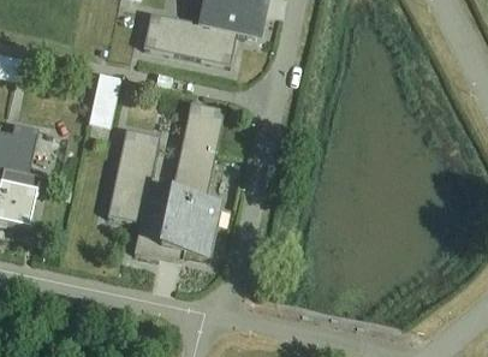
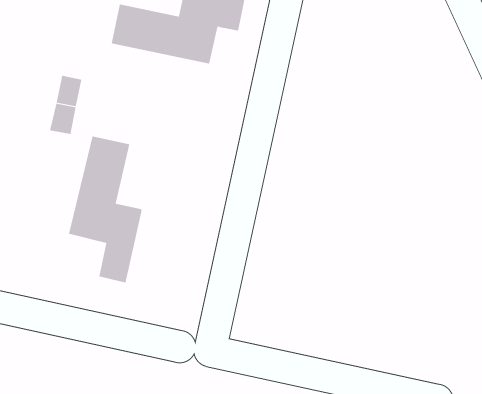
building: [156,101,225,261] -> none

